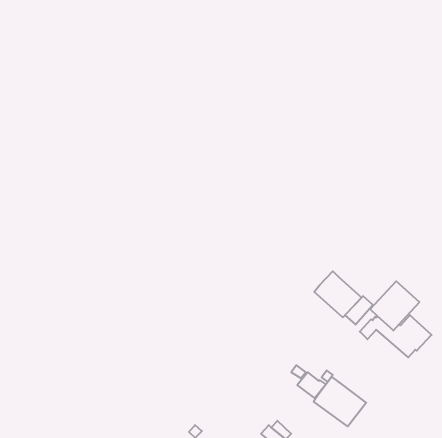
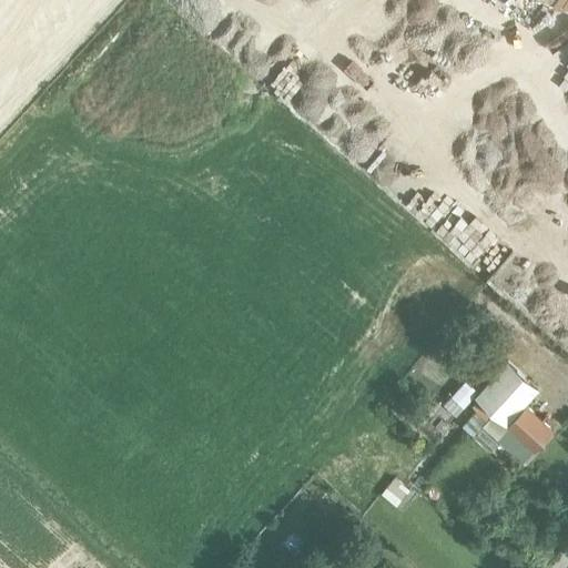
building: [314,271,362,317] -> none
building: [314,377,366,426] -> none

